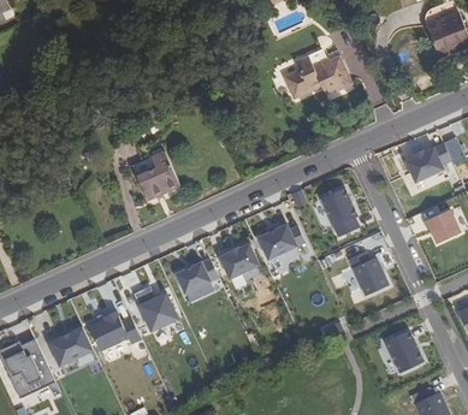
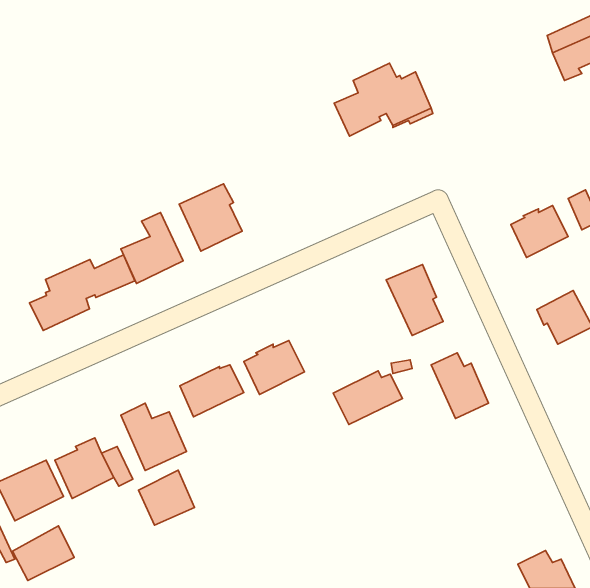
building: none -> [179,184,242,251]
building: none -> [29,255,135,330]
building: [257,221,306,259] -> [333,371,402,424]
building: none -> [138,470,195,525]
building: [384,331,422,377] -> none
building: none -> [12,526,74,580]

